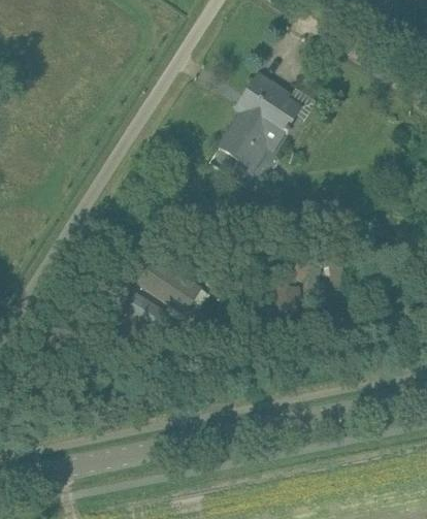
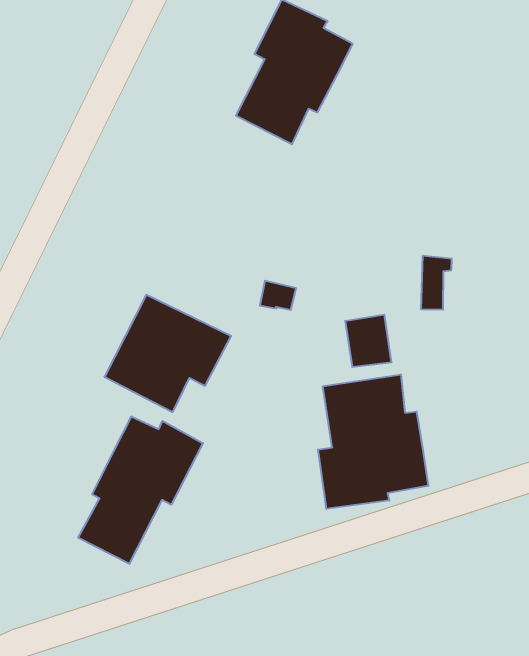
building: none -> [318,374,428,509]
building: none -> [78,416,203,564]

